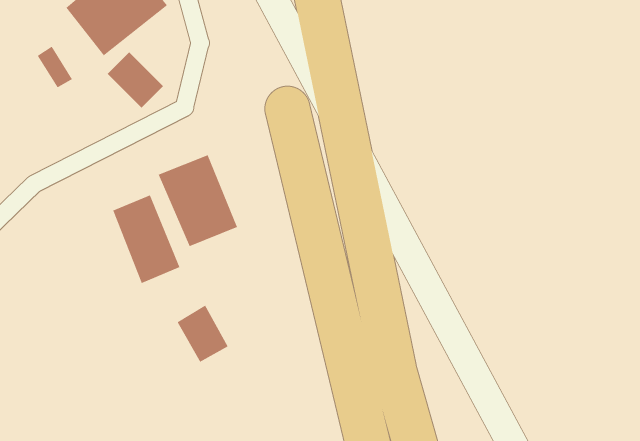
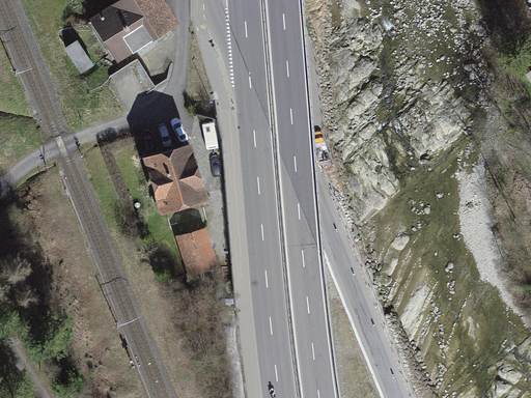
building: [112,195,180,284] -> none
building: [177,305,229,362] -> [177,233,214,276]

